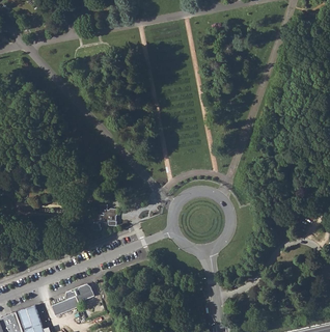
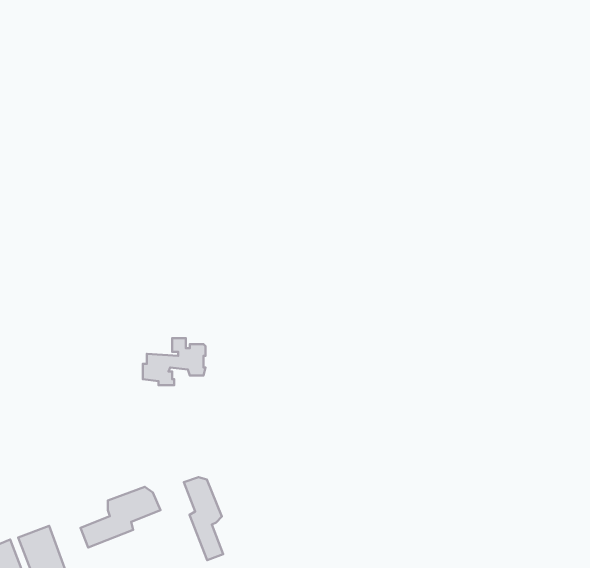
building: none -> [184,477,223,560]

